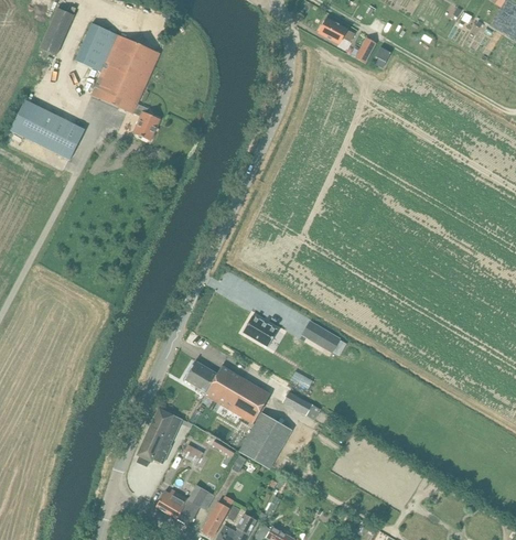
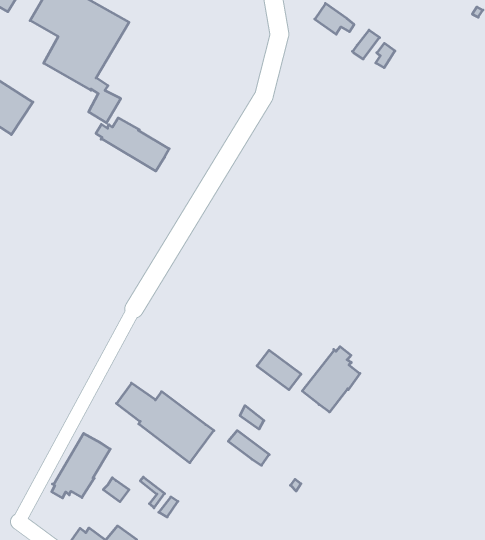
building: none -> [96,118,169,171]
building: none -> [302,347,360,412]
building: [241,315,277,347] -> none
building: [238,412,292,469] -> none

